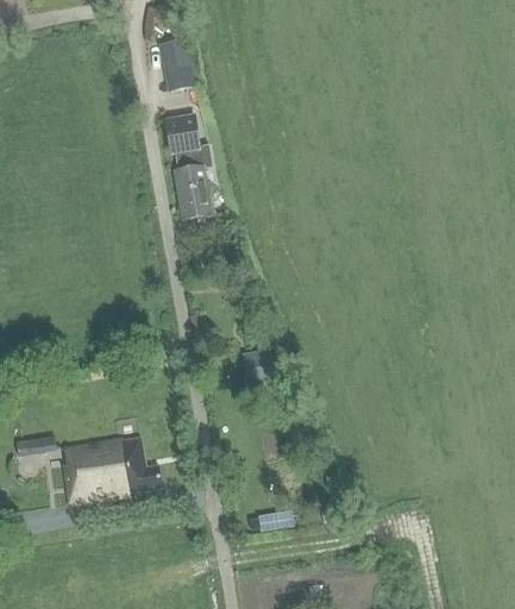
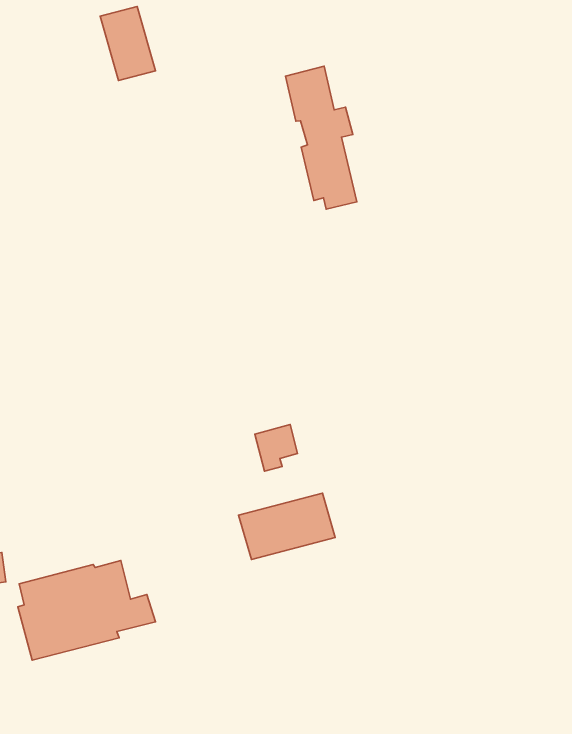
building: [164,117,209,220] -> [285,66,357,209]
building: none -> [238,493,335,560]

